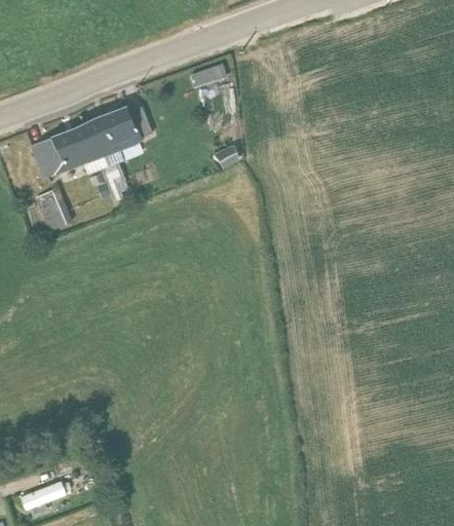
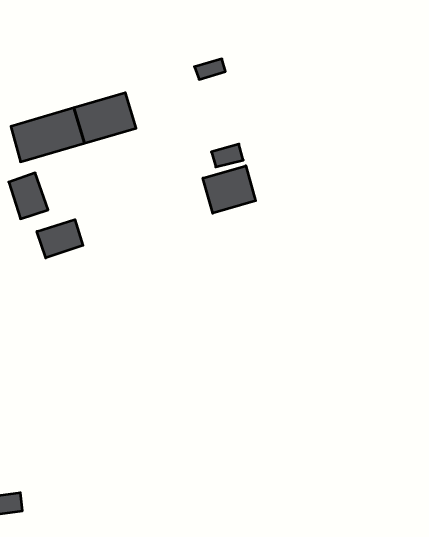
building: none -> [203,166,256,213]
building: none -> [37,220,83,258]

